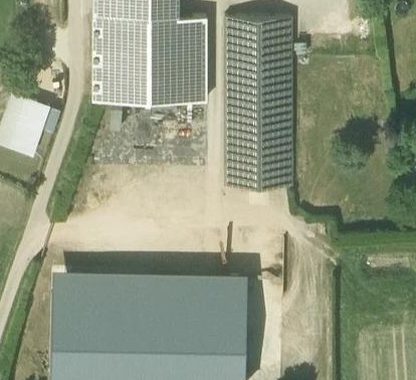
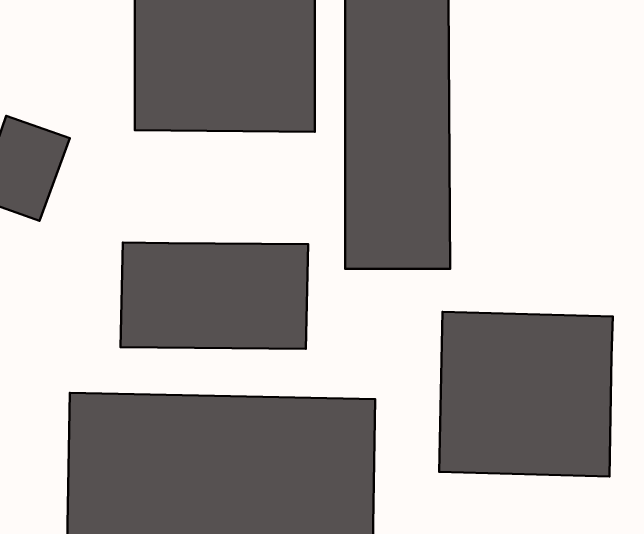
building: none -> [121,243,308,349]
building: none -> [439,312,613,477]

